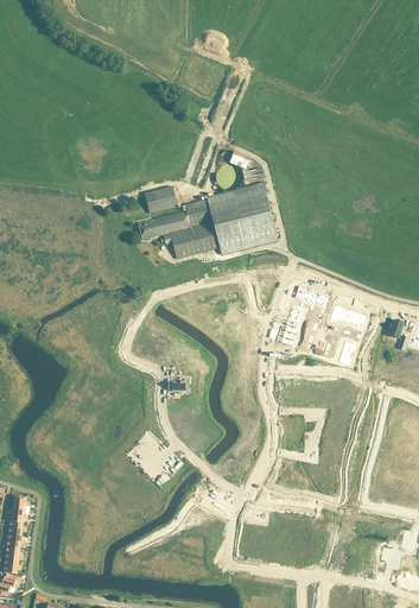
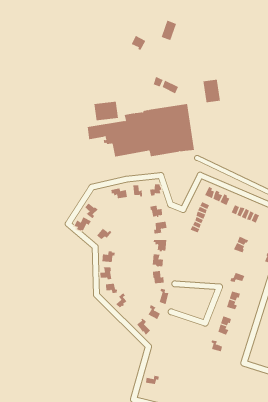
building: none -> [203,79,220,103]

